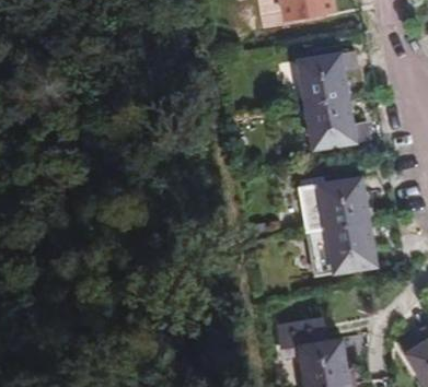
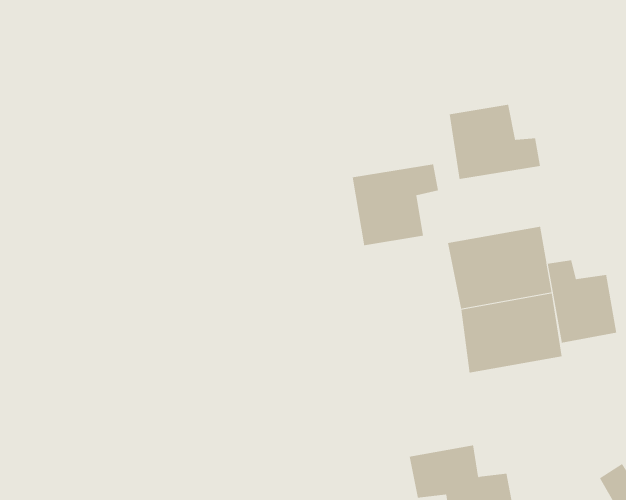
building: [297,52,354,106] -> [352,164,439,246]
building: none -> [547,259,617,344]

